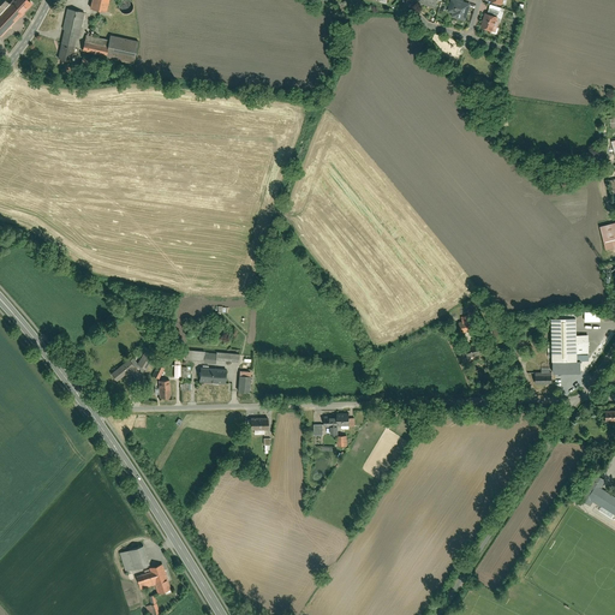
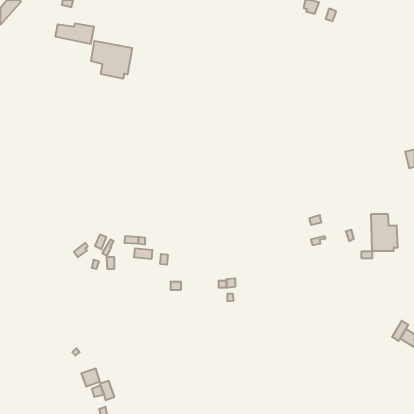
building: [60,8,85,64] -> none
building: none -> [91,41,132,79]

